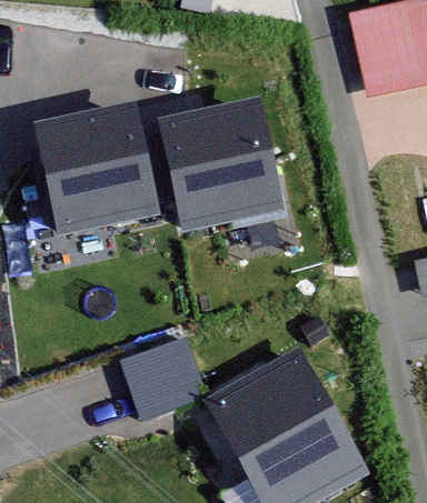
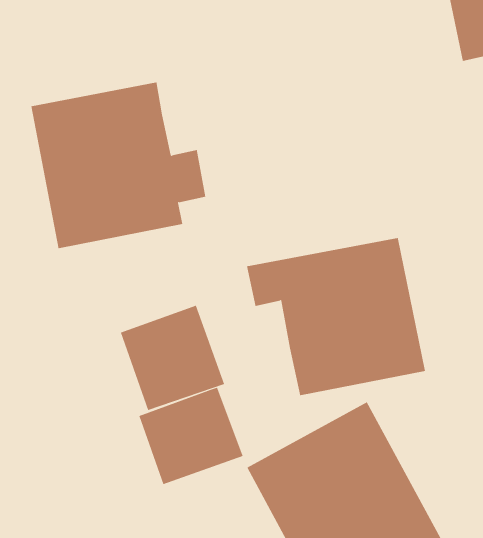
building: [141,107,280,229] -> [246,237,426,396]
building: none -> [120,305,225,411]

